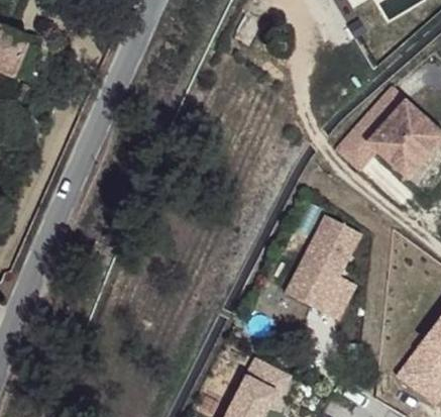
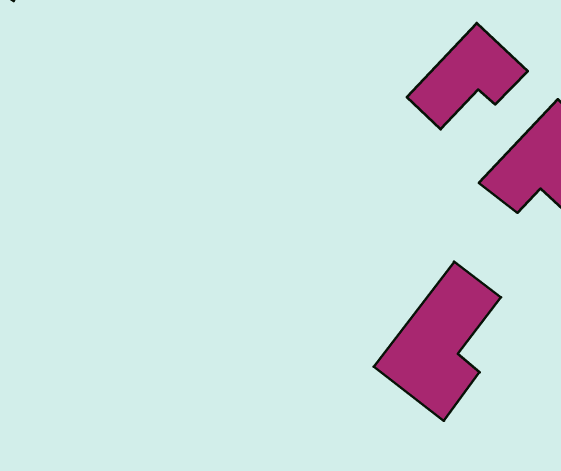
building: none -> [407,23,528,129]

